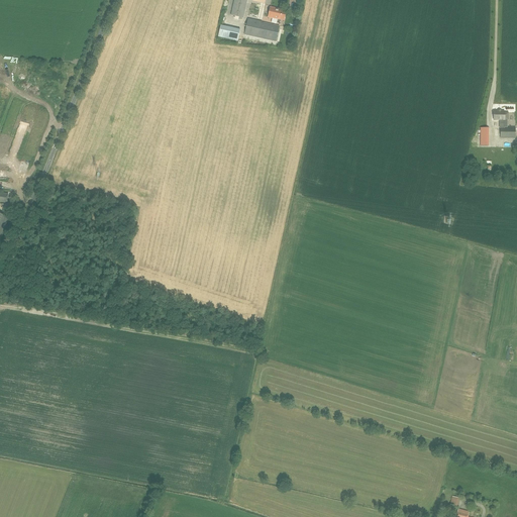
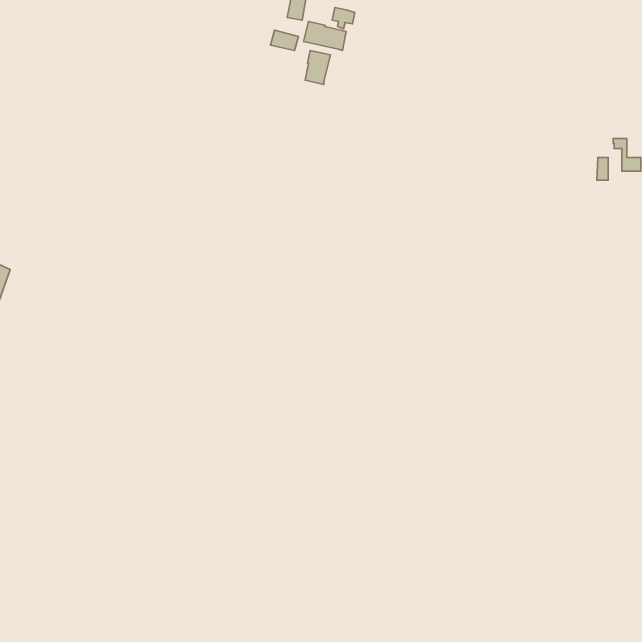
building: none -> [305,51,330,85]

